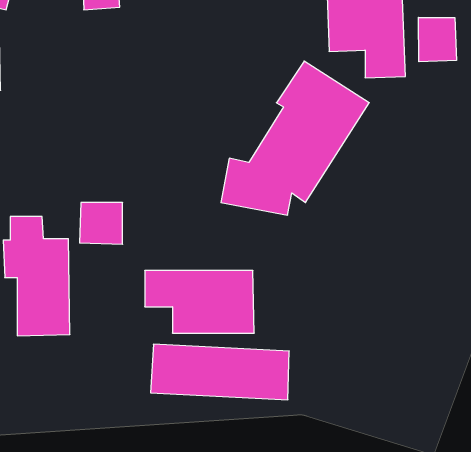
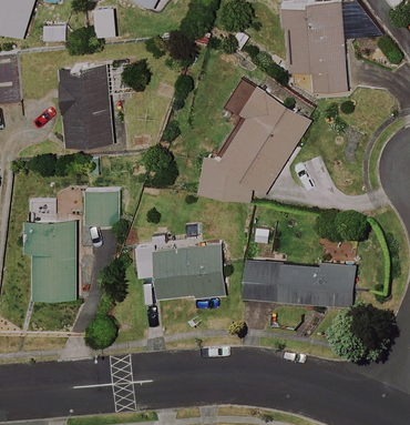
building: [418,17,456,62] -> none
building: none -> [62,68,109,146]
building: [151,344,289,400] -> [242,261,352,305]

